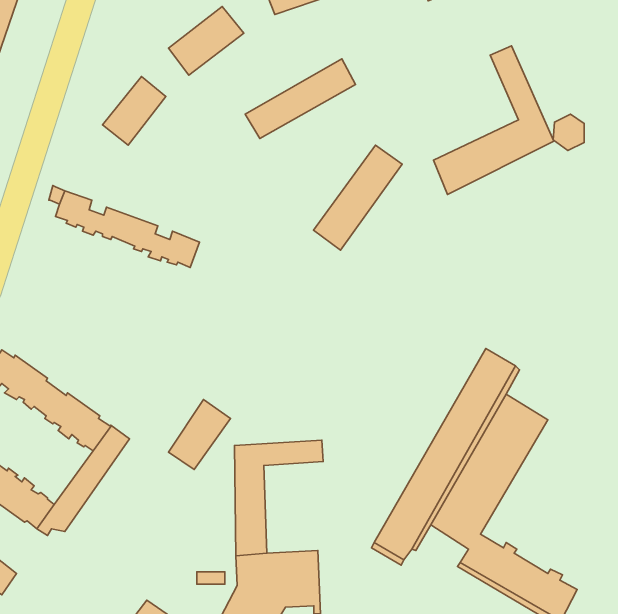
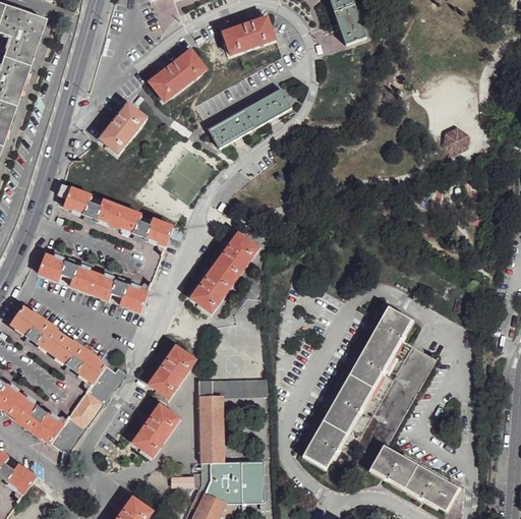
building: [433,46,554,195] -> none
building: [314,145,402,250] -> [192,233,259,312]
building: none -> [39,253,148,311]
building: none -> [133,404,180,456]

